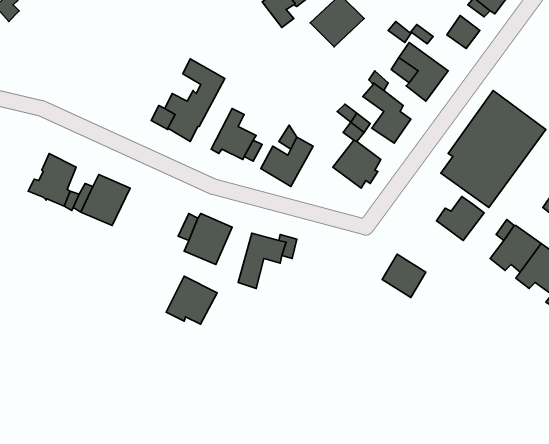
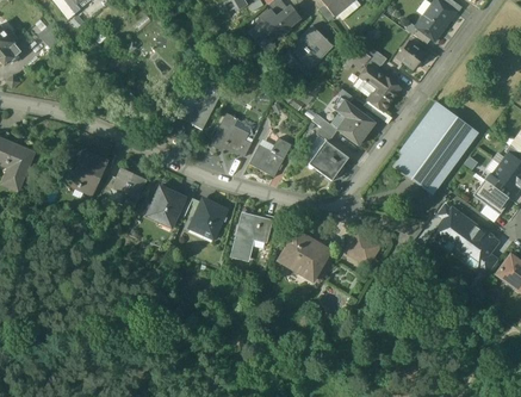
building: [436,197,484,240] -> none
building: none -> [279,230,331,280]
building: [166,276,217,324] -> [145,186,186,224]

